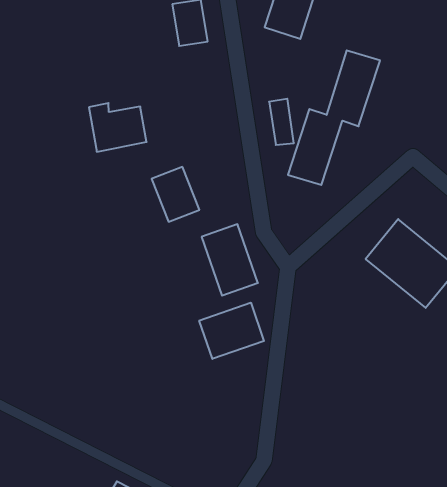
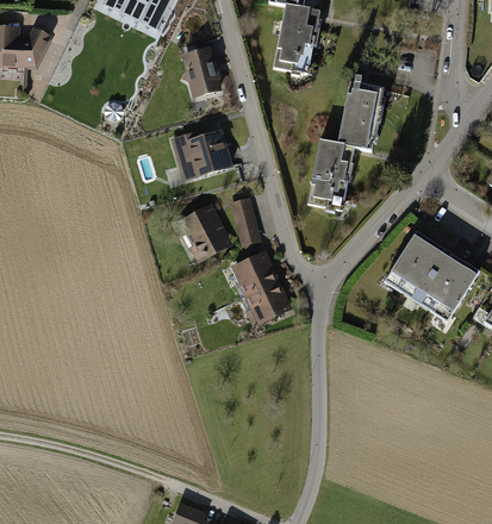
building: [269,99,294,145] -> [232,198,260,242]
building: [89,103,147,152] -> [174,132,231,179]
building: [199,303,264,359] -> none

